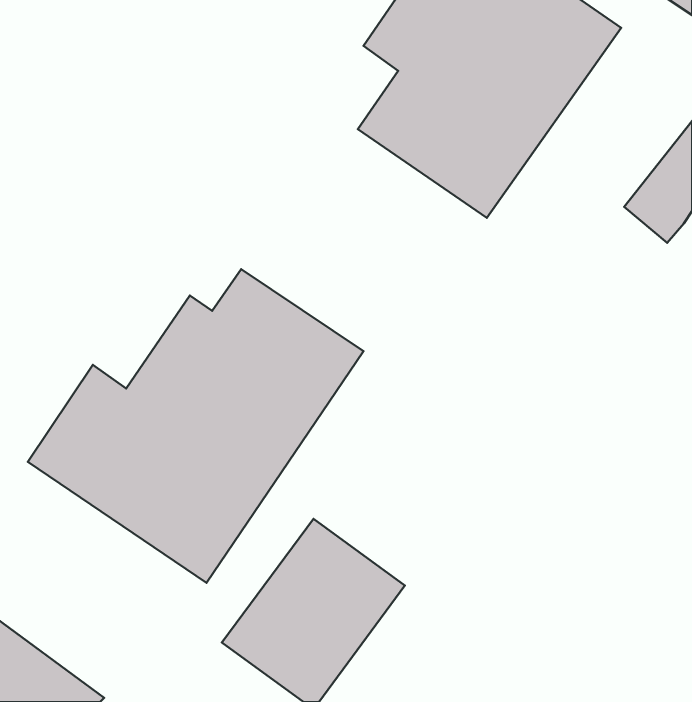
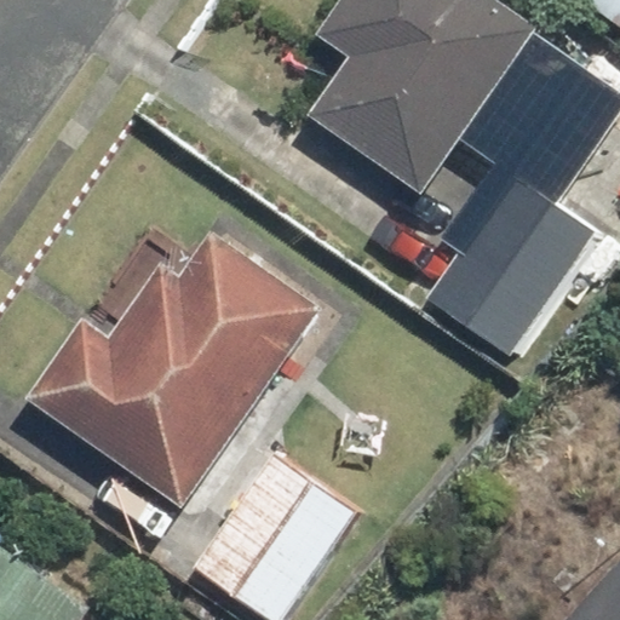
building: none -> [429,177,591,356]

